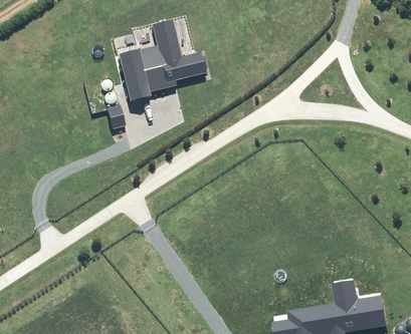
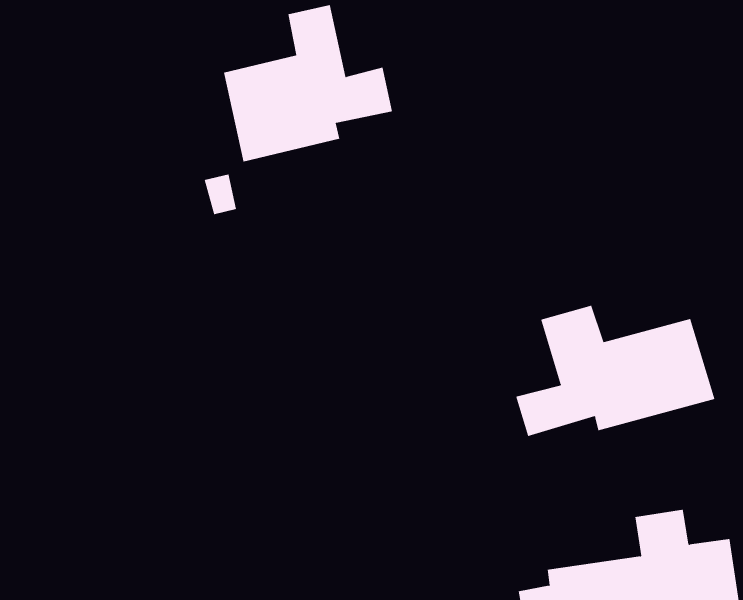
building: none -> [515,305,715,437]

